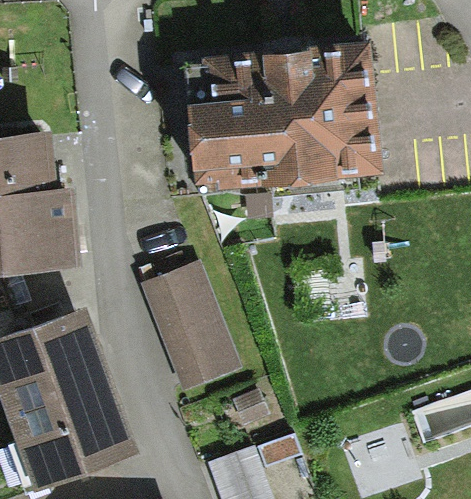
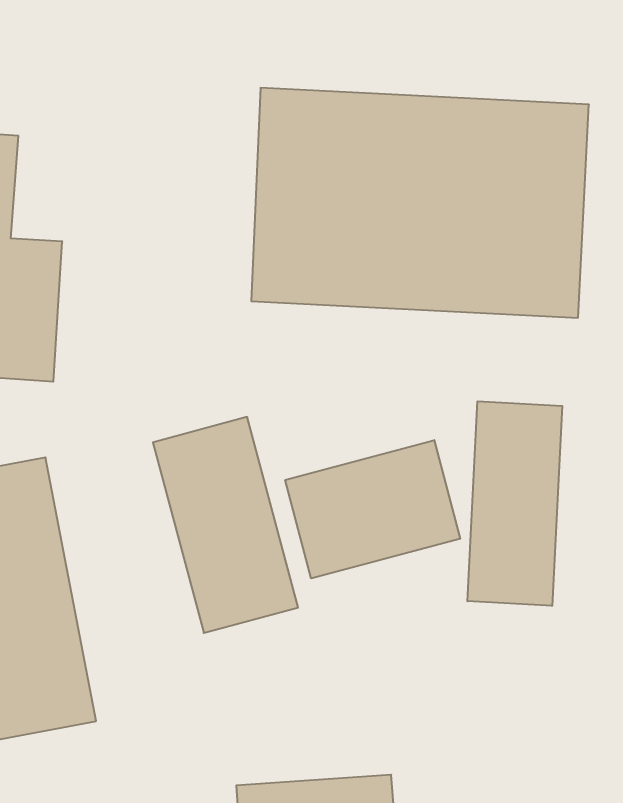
building: none -> [467,401,562,606]
building: none -> [285,440,460,578]

